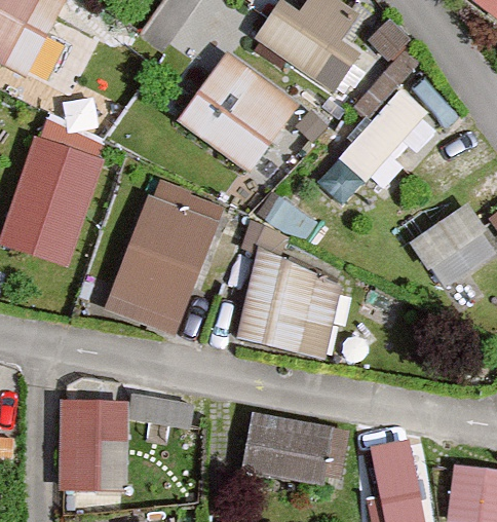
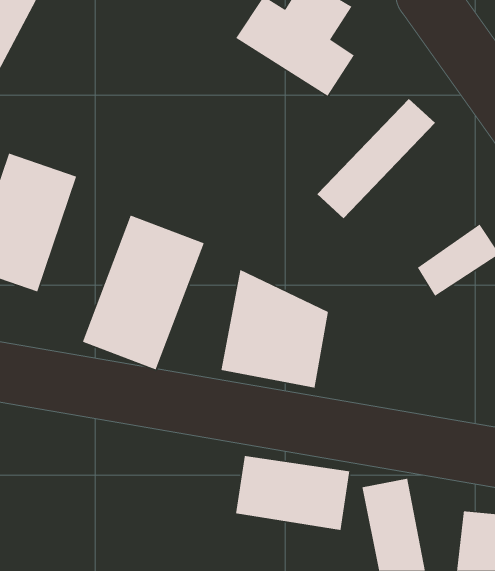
building: [170,50,291,170] -> none
building: [62,401,128,493] -> none

